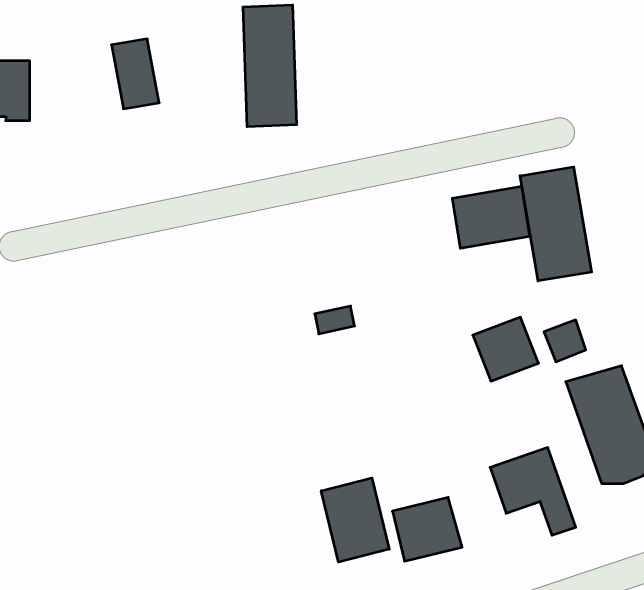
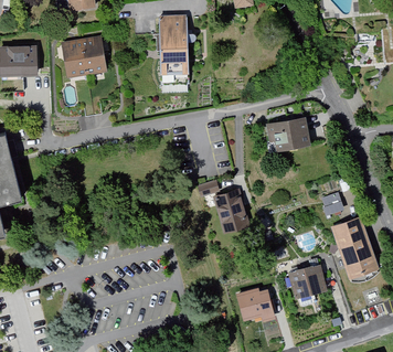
building: none -> [63,35,89,75]
building: [520,167,592,281] -> none
building: [473,317,539,381] -> [217,184,254,220]
building: [321,478,389,562] -> none

